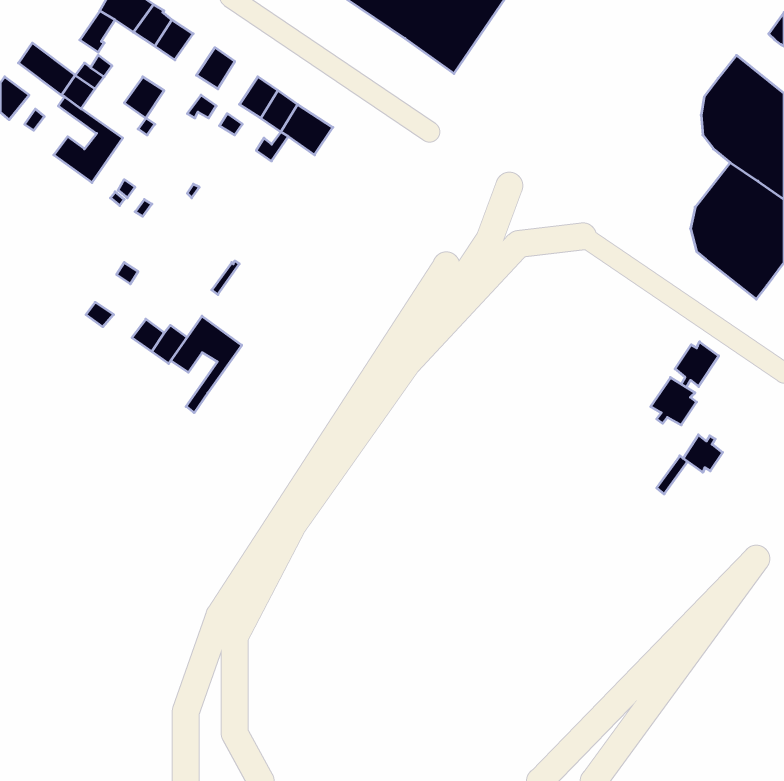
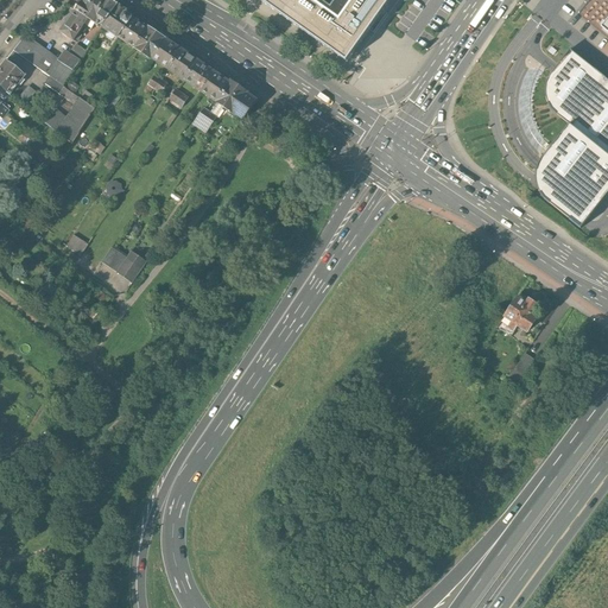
building: none -> [169,48,200,81]
building: [124,77,164,118] -> [135,26,166,58]
building: [171,316,242,413] -> none
building: [675,342,719,387] -> none
building: [683,435,723,472] -> none

